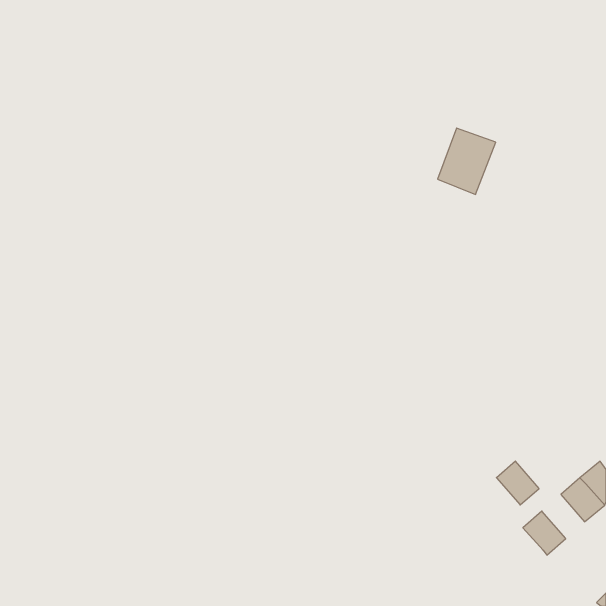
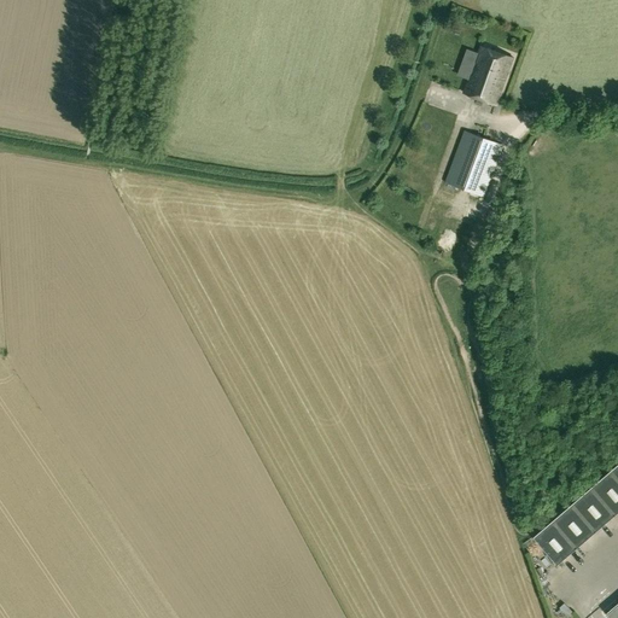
building: none -> [465,46,514,105]
building: [496,461,539,505] -> [552,503,595,548]

